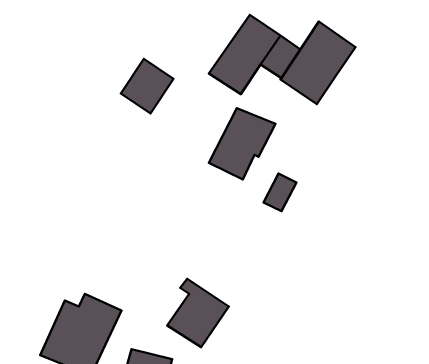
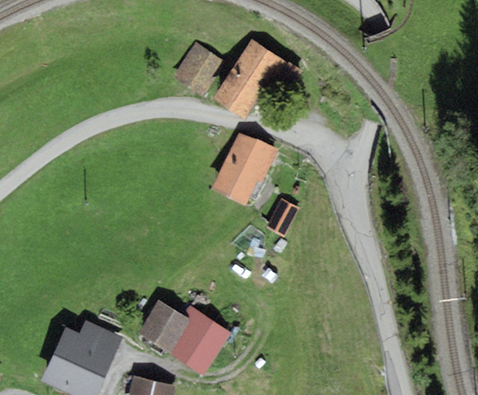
building: [281,22,356,104] -> none
building: [121,59,173,113] -> [172,42,225,97]
building: none -> [138,299,191,352]

